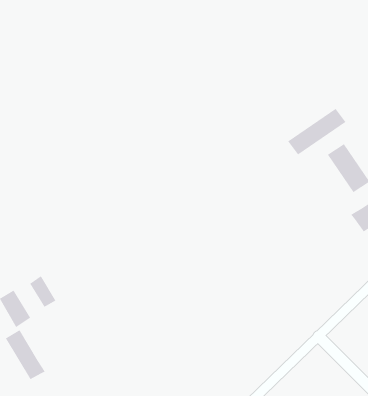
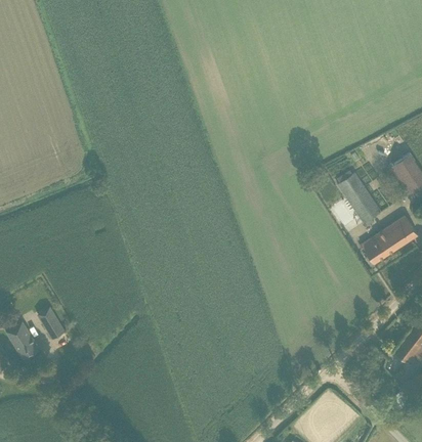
building: [287,108,347,156] -> none
building: [5,329,46,380] -> none

